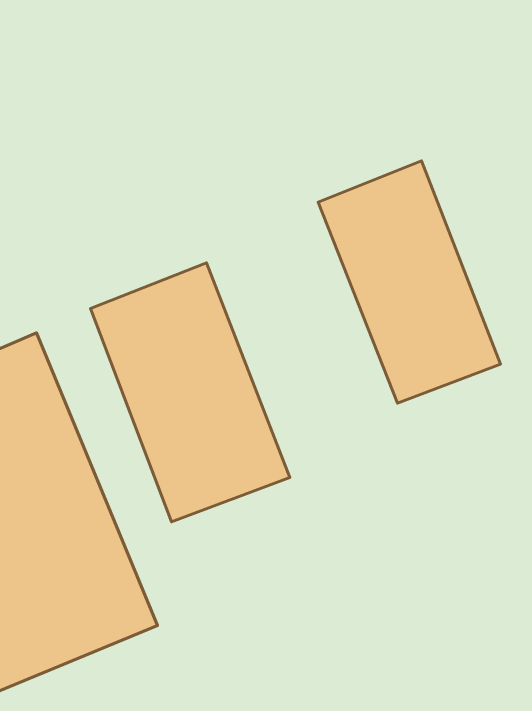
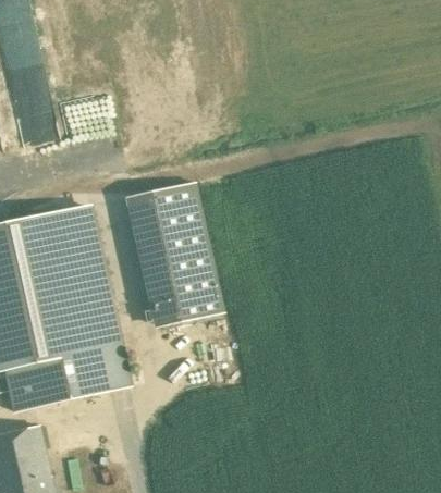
building: [318,161,501,403] -> none

